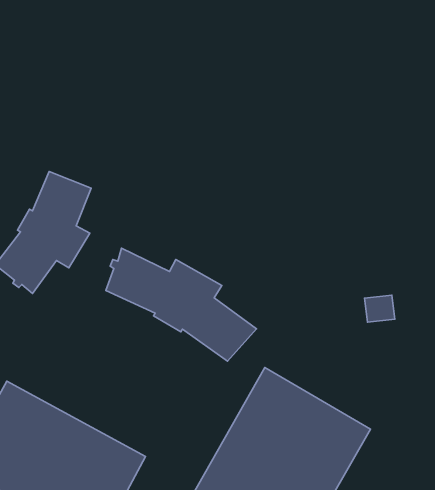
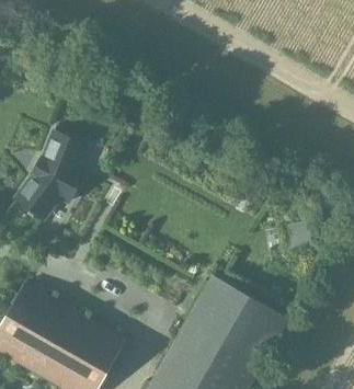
building: [106,248,257,361] -> none

